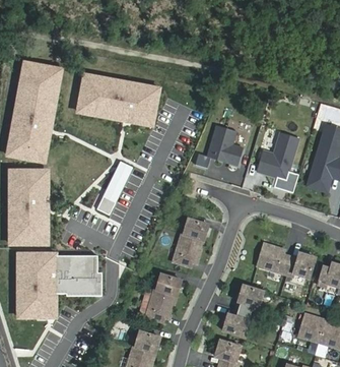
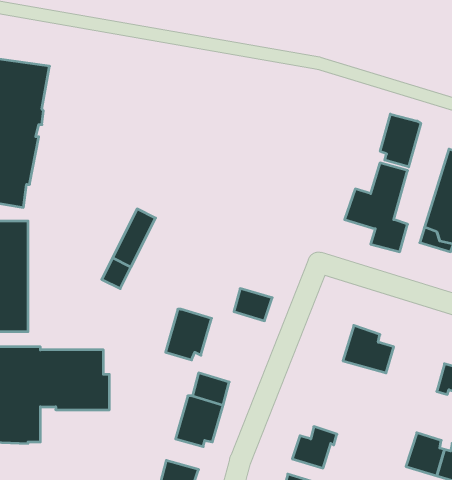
building: [78,76,160,127] -> none
building: none -> [380,114,421,167]
building: [208,125,244,165] -> none
building: [174,232,204,265] -> [166,309,212,360]
building: [284,252,314,277] -> none
building: [236,285,262,314] -> none

